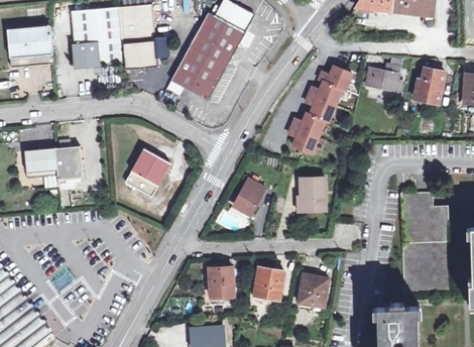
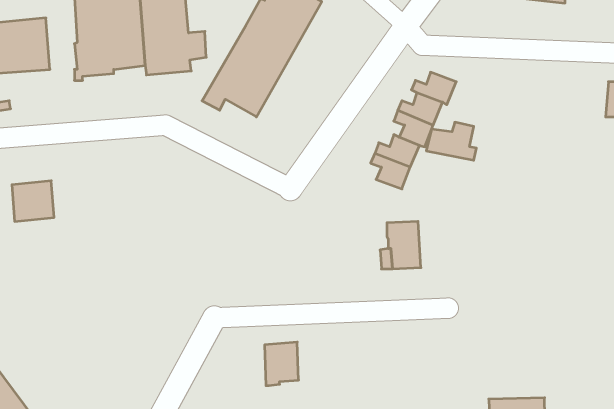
building: [365,64,402,92] -> [426,122,476,160]
building: [413,68,446,103] -> none
building: [51,145,79,182] -> none
building: [121,151,165,196] -> none
building: [234,181,265,215] -> none
building: [401,192,451,293] -> none
building: [254,267,285,300] -> none
building: [299,273,330,308] -> none

